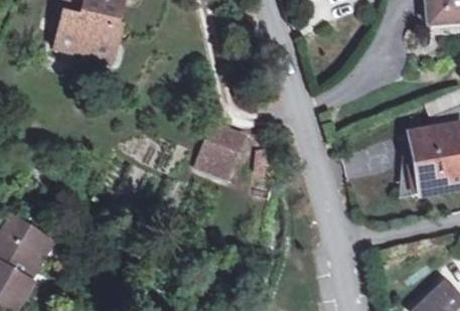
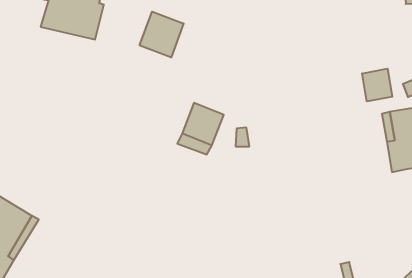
building: none -> [140,12,184,57]
building: none -> [362,69,392,101]

